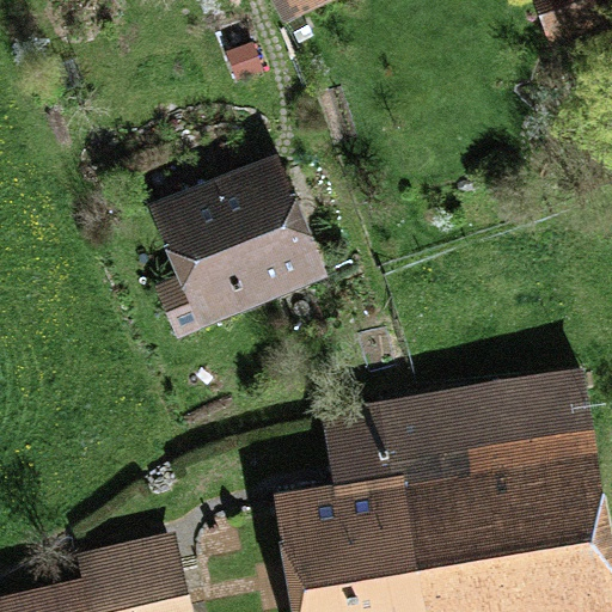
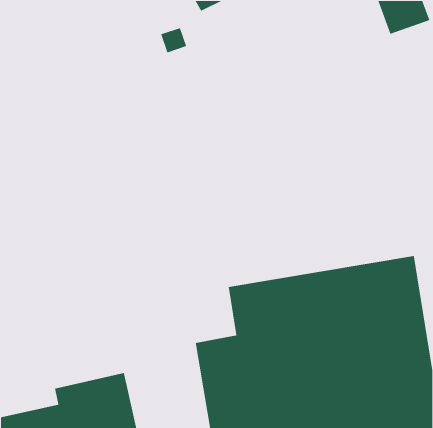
building: [148,153,326,338] -> none

